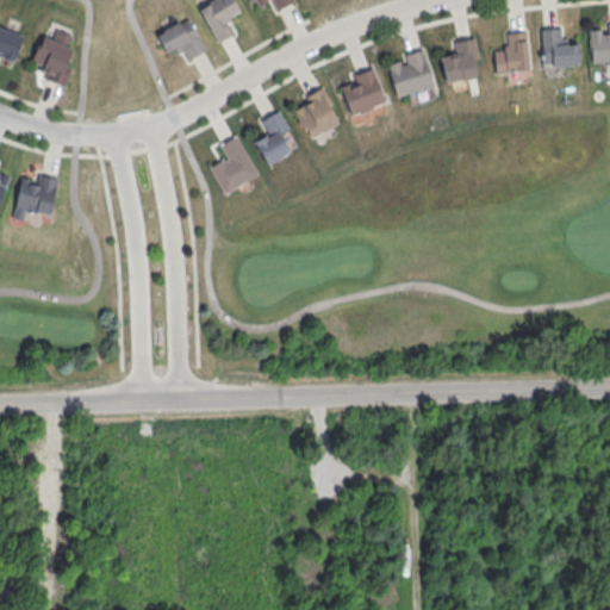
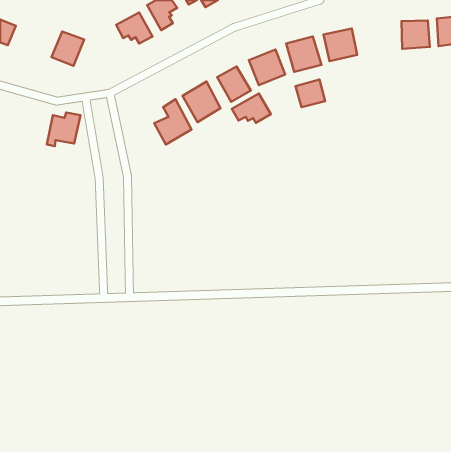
building: [493,31,530,75] -> none
building: [30,37,74,83] -> [51,31,84,66]
building: none -> [295,80,325,107]
building: none -> [232,94,271,123]
building: [14,175,60,220] -> [47,113,80,146]

